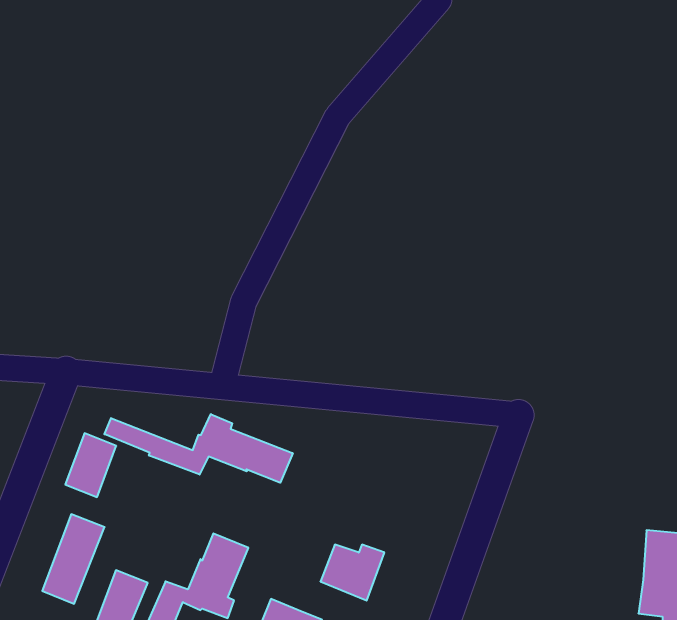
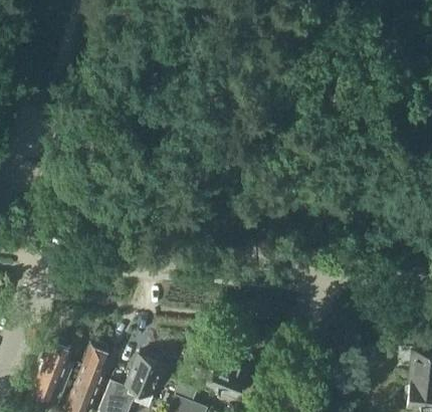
building: [104,414,293,483] -> none
building: [65,433,116,497] -> [78,346,111,386]

